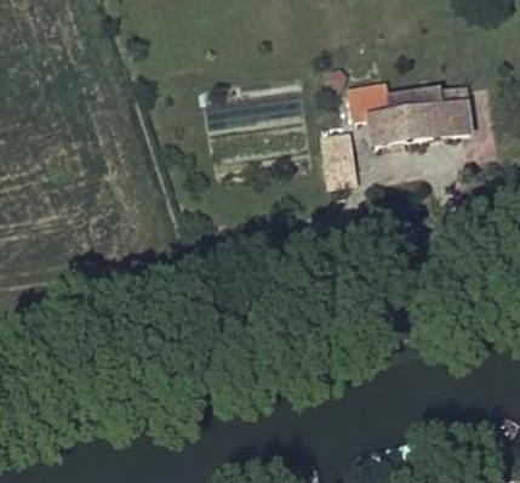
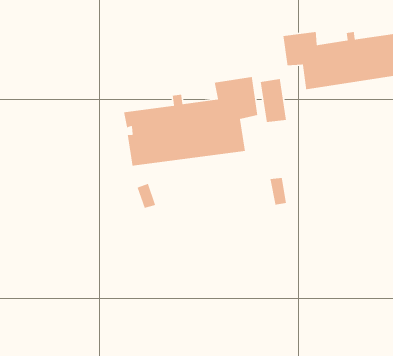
building: none -> [123,76,258,166]

